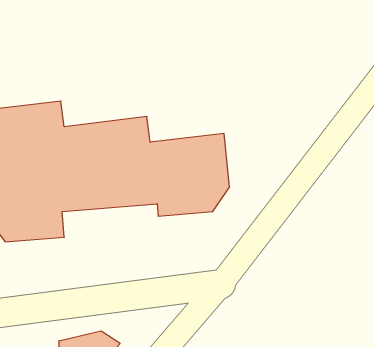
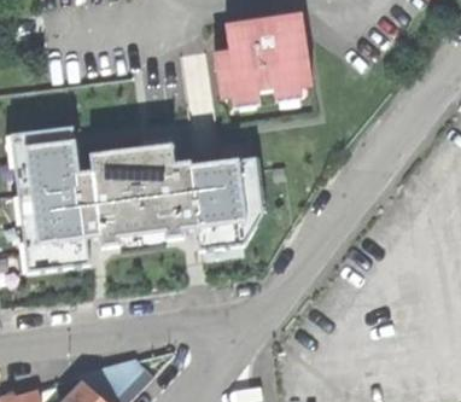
building: none -> [212,19,310,99]

